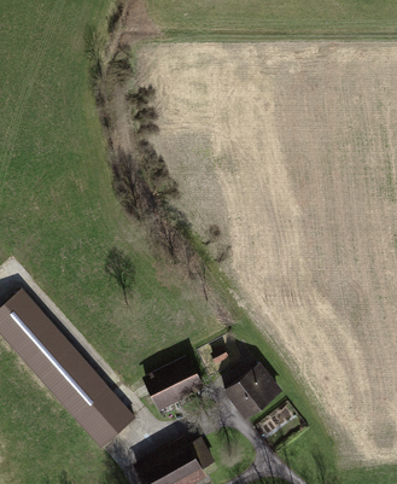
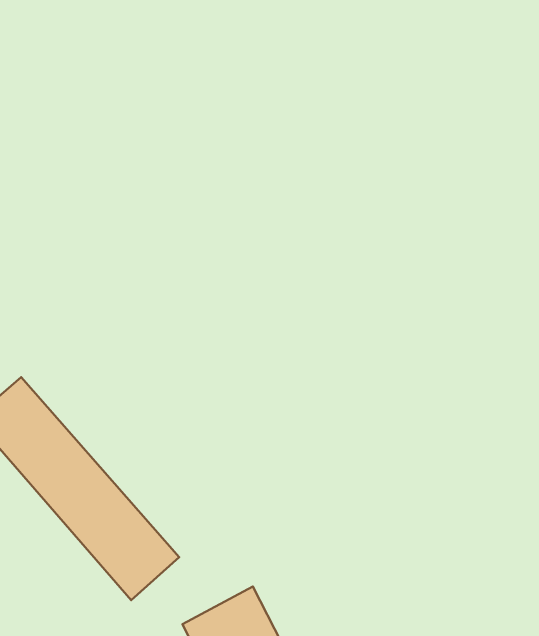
building: [144,355,205,409] -> none
building: [224,365,281,420] -> none

